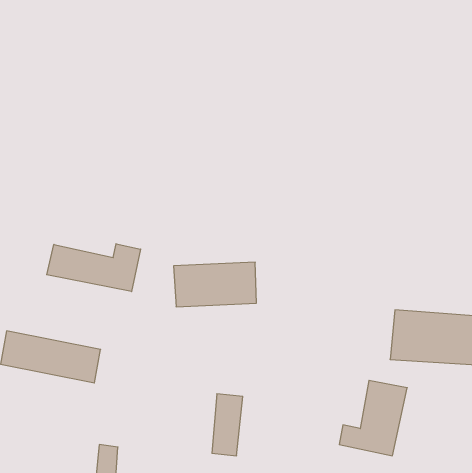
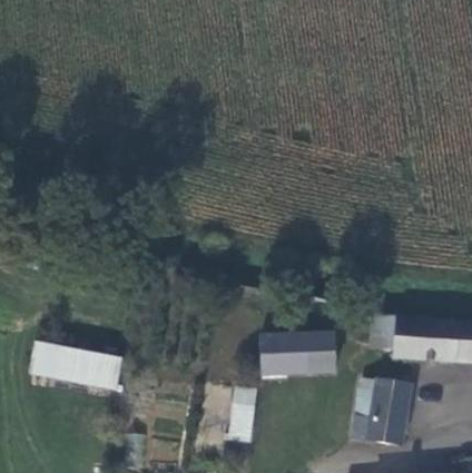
building: [47,244,141,292] -> none
building: [174,262,256,307] -> [257,332,332,372]

